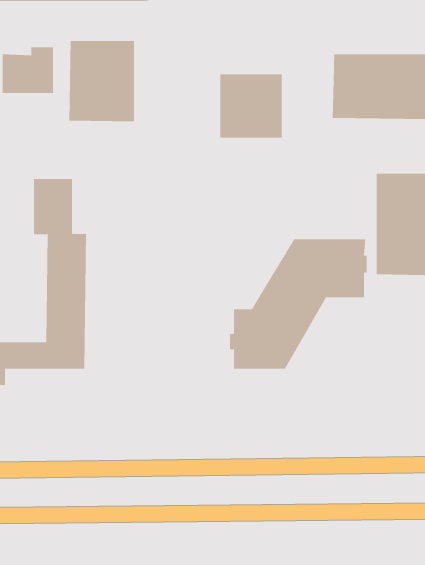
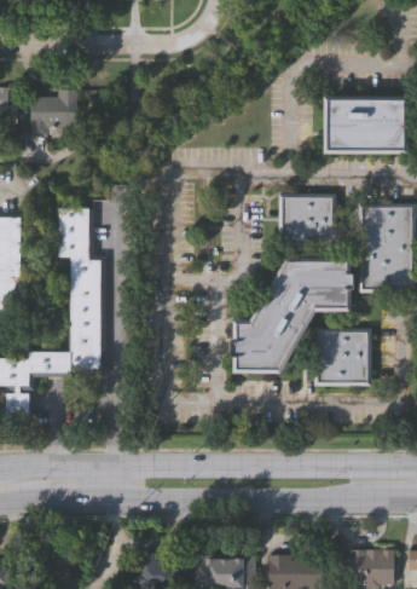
building: [69,40,134,122] -> none
building: [219,74,283,138] -> [279,191,335,248]
building: none -> [313,327,371,383]

